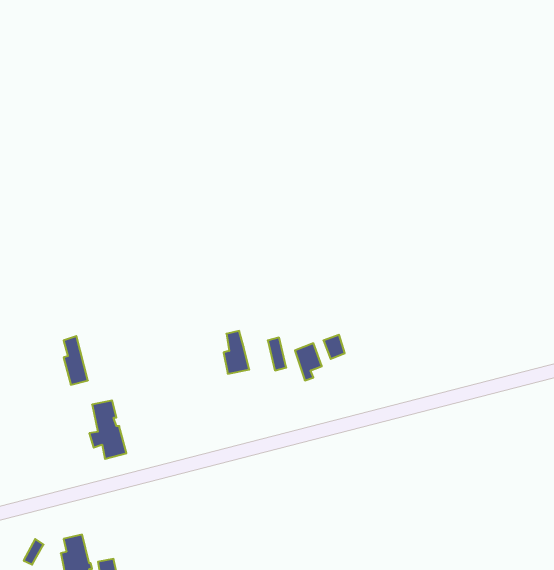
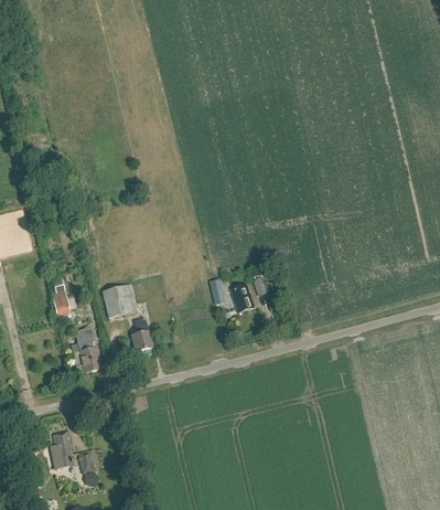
building: [224,331,249,374] -> [132,318,152,351]
building: none -> [103,284,138,318]

